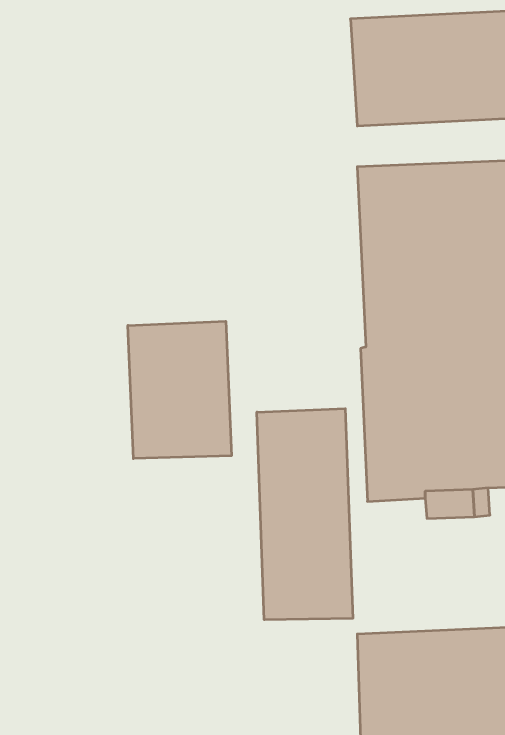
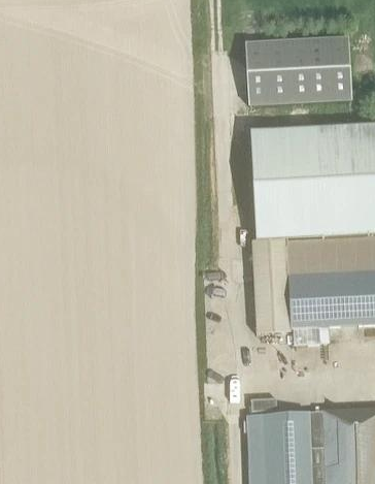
building: [128,321,231,459] -> none
building: [257,409,353,620] -> none

